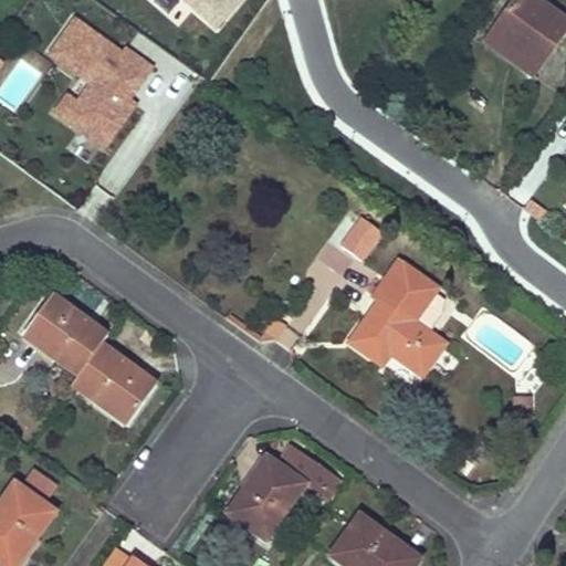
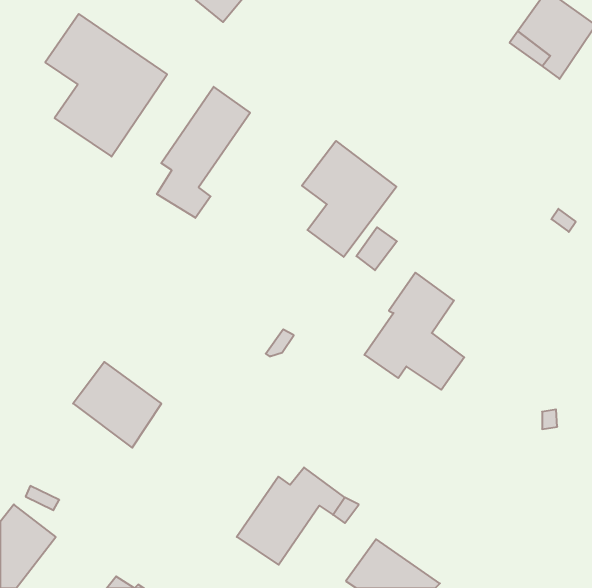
building: none -> [157,87,250,218]
building: none -> [302,141,396,257]
building: [23,295,107,376] -> none

